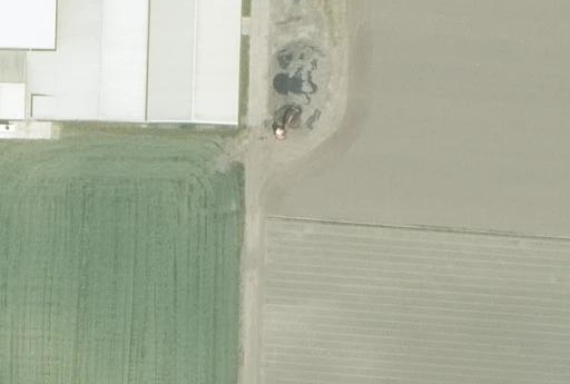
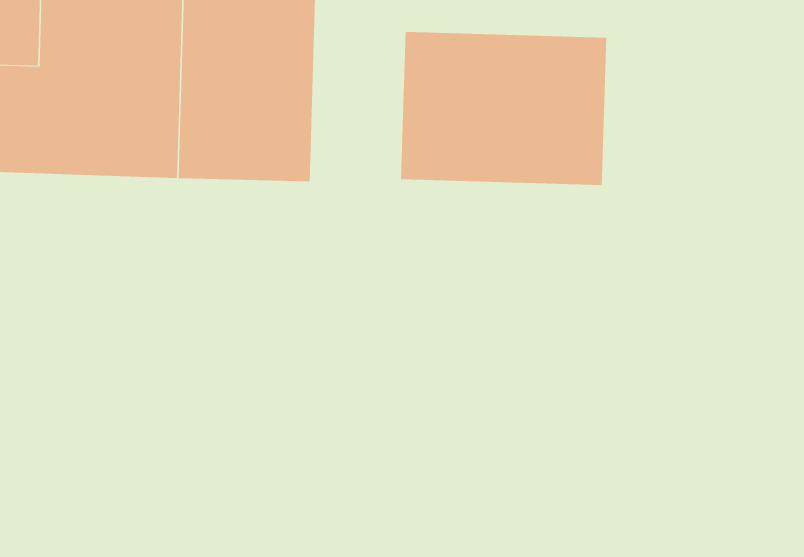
building: none -> [401,31,607,186]

